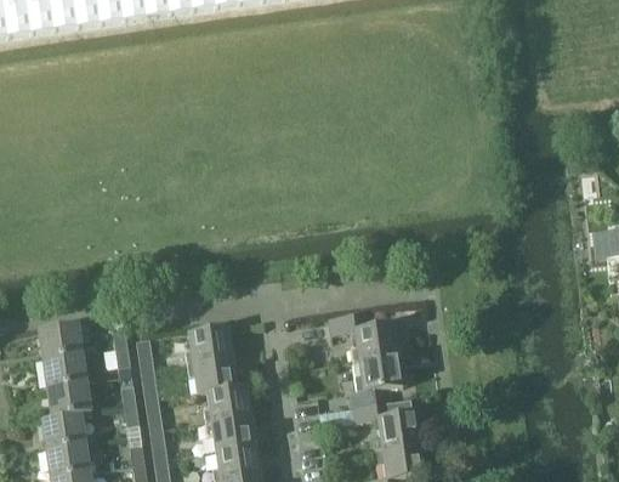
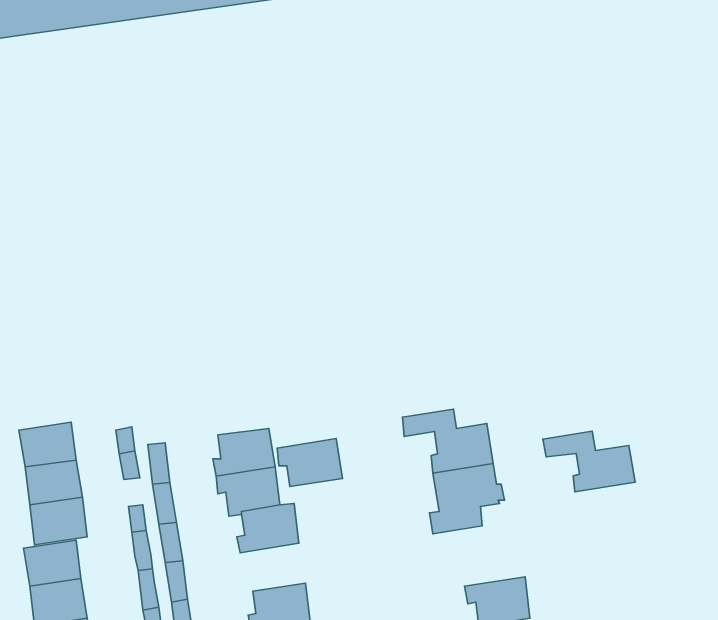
building: [353,403,424,449] -> [543,431,635,492]
building: [206,416,256,453] -> [277,439,342,486]

